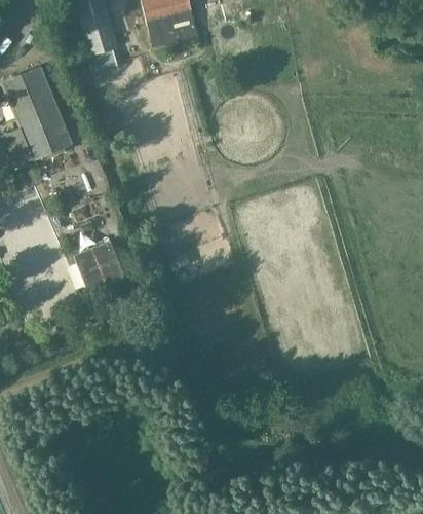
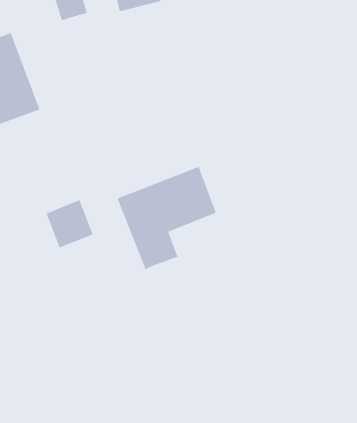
building: none -> [117,166,217,270]

